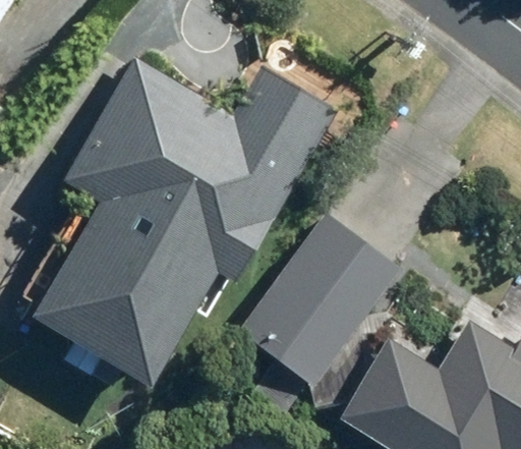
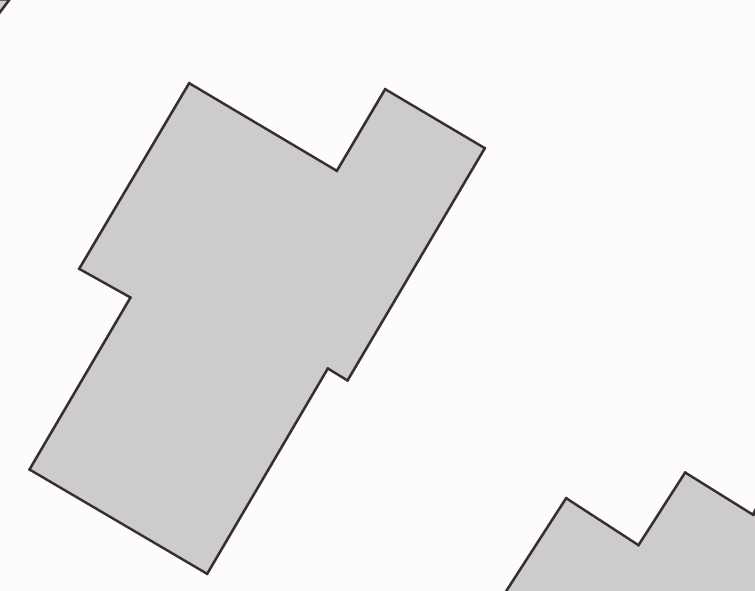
building: [240,216,403,389] -> none

